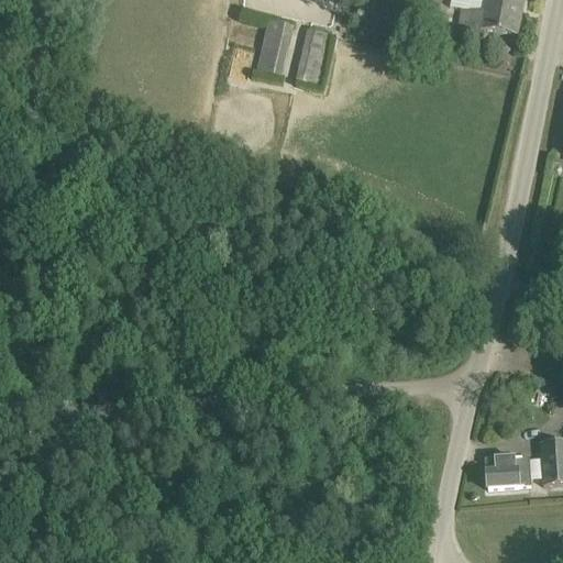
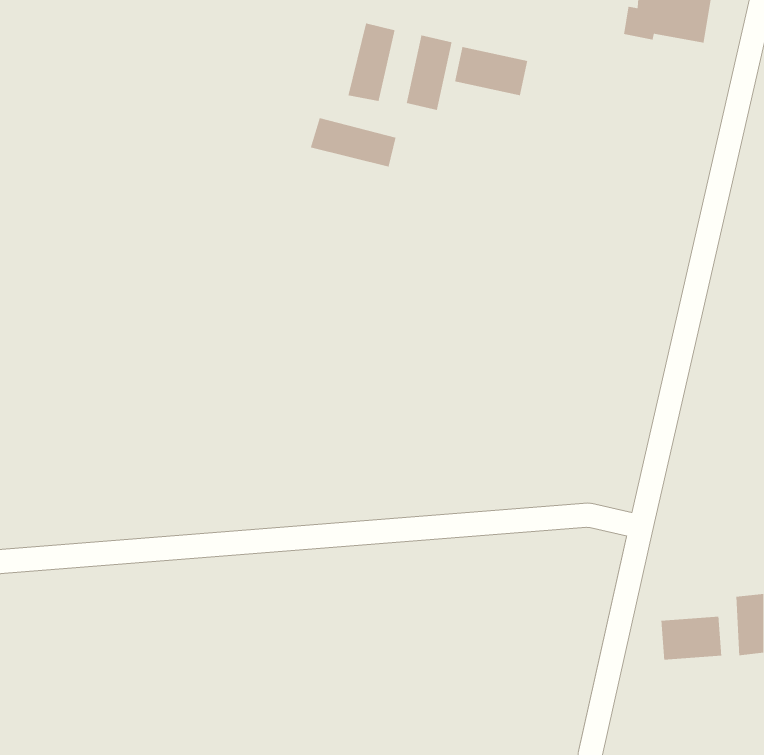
building: none -> [454,46,528,96]
building: none -> [310,117,396,167]

